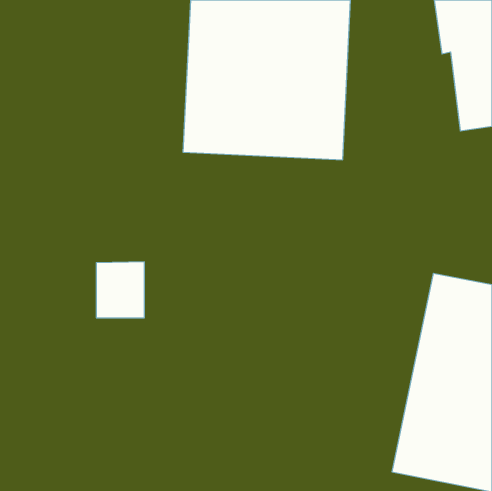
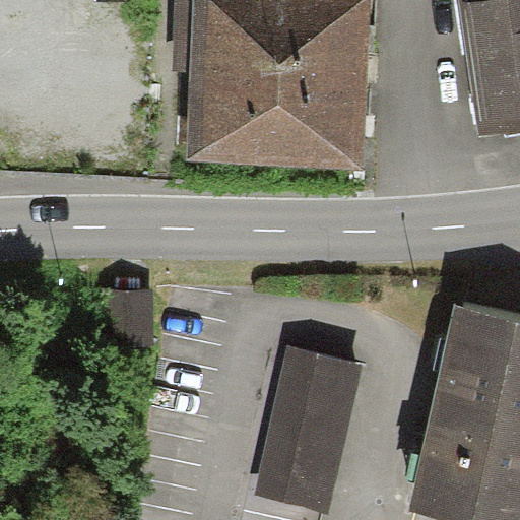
building: none -> [255,325,362,495]

